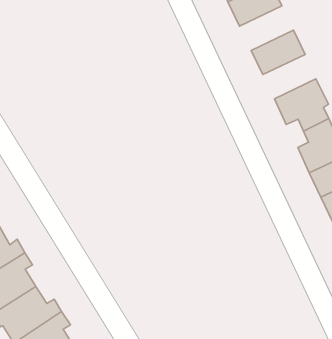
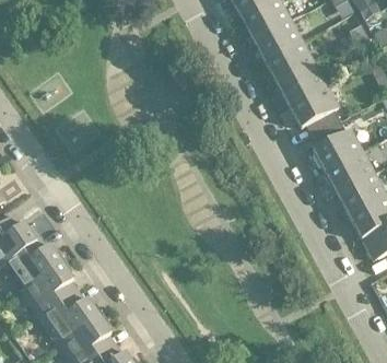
building: none -> [251,17,302,60]
building: none -> [275,61,325,104]

